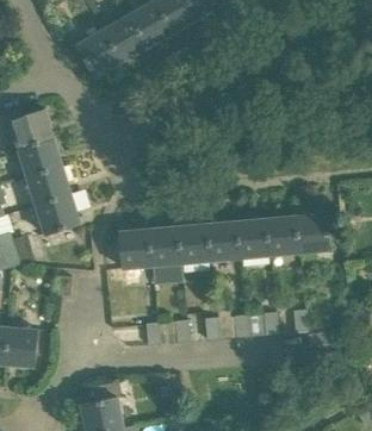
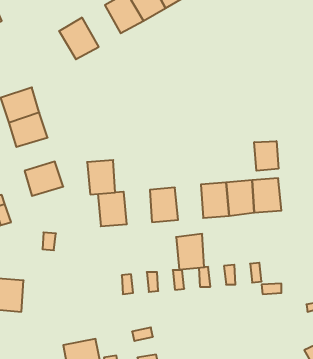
building: [101,15,145,63] -> none
building: [26,167,70,205] -> none
building: none -> [254,141,278,171]
building: [207,220,240,261] -> [176,234,204,269]
building: [149,226,181,266] -> [87,160,115,194]

